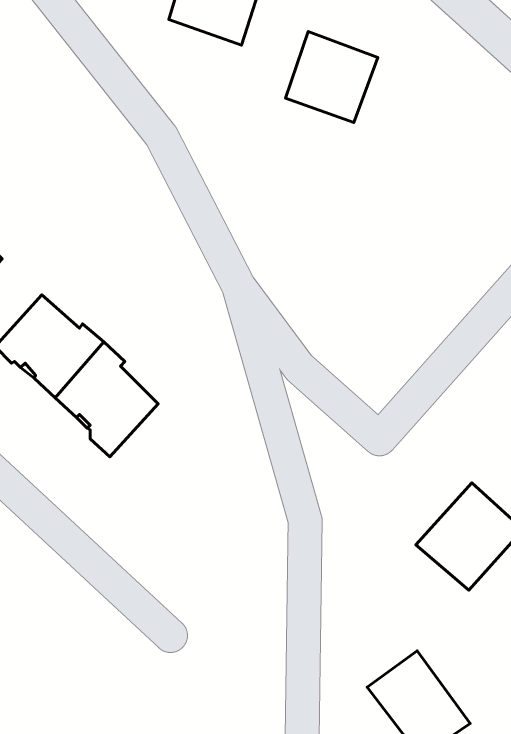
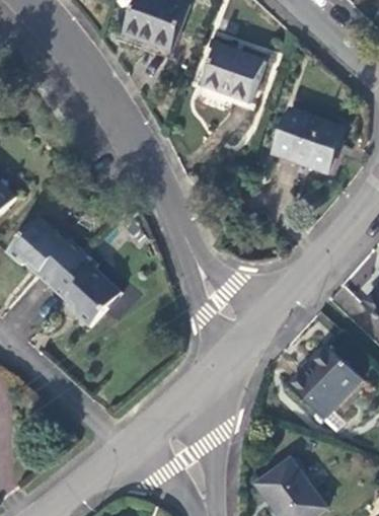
building: none -> [275,109,342,172]

